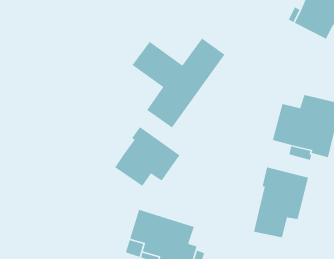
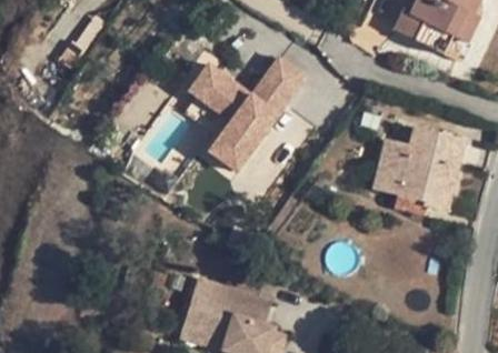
building: [114,126,181,187] -> none
building: [253,167,309,238] -> none

